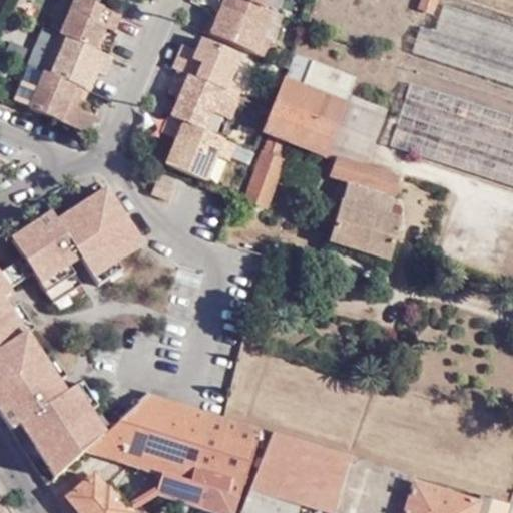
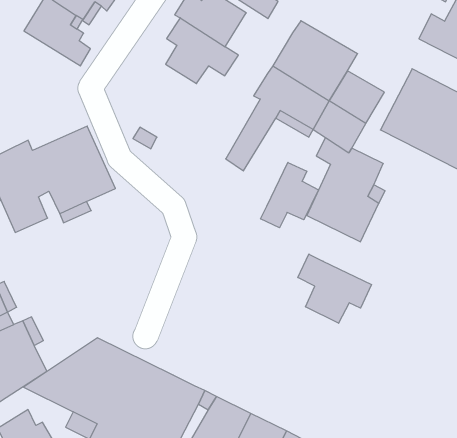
building: [160,115,234,179] -> none
building: none -> [261,162,319,228]
building: none -> [298,254,371,323]

